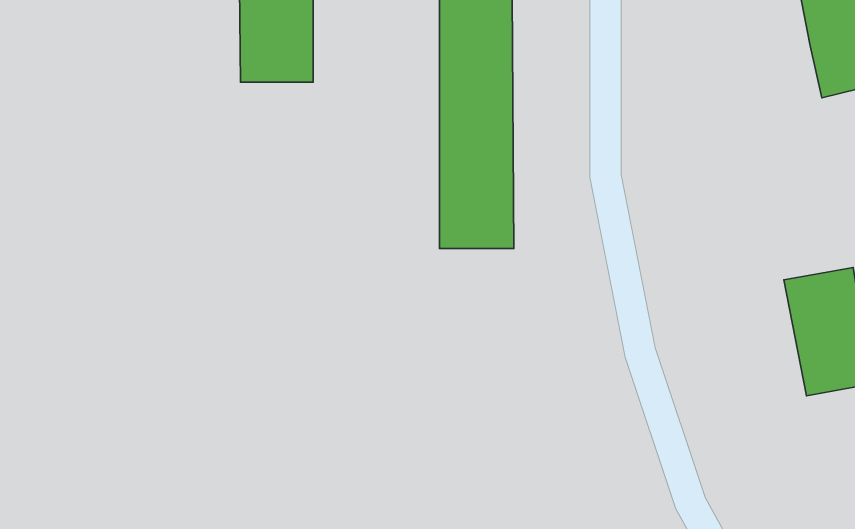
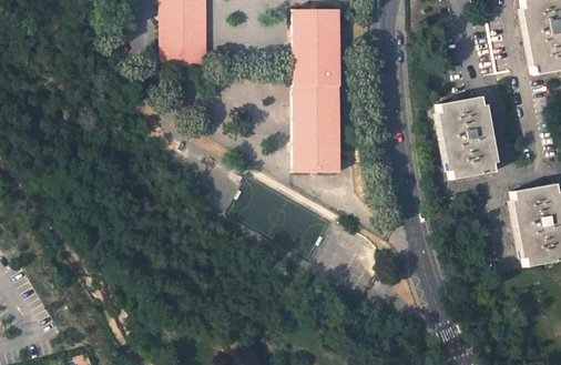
building: none -> [436,95,493,181]

